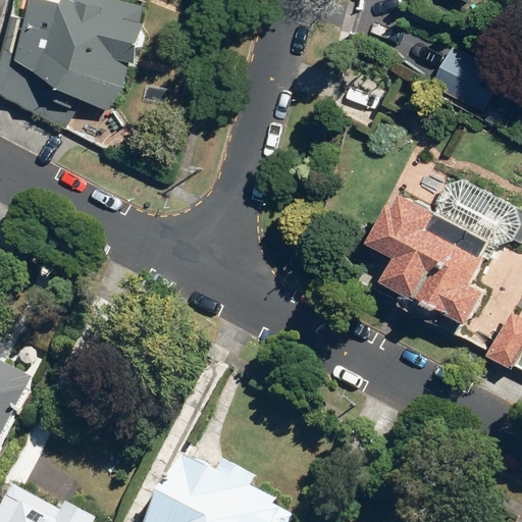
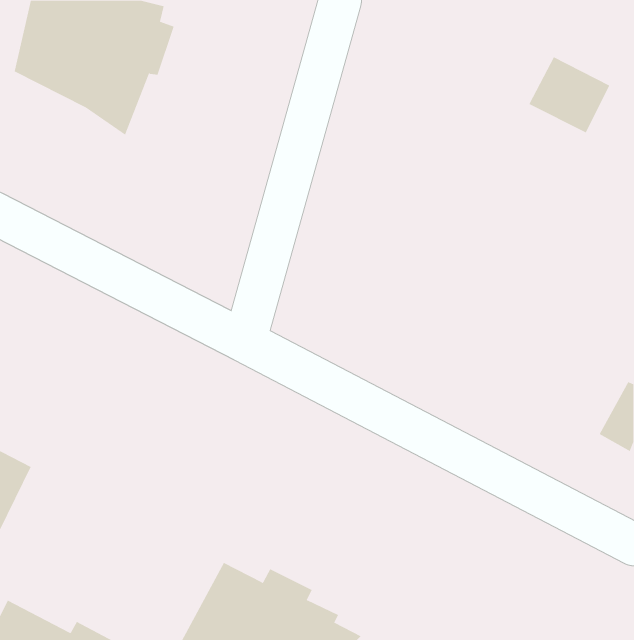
building: [364,192,492,323] -> none

